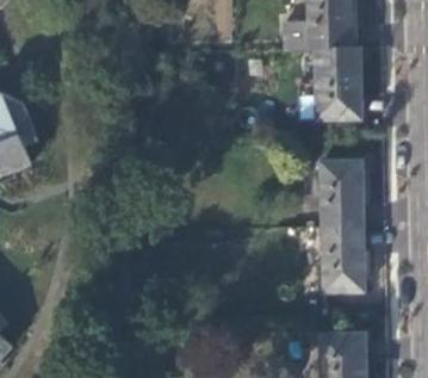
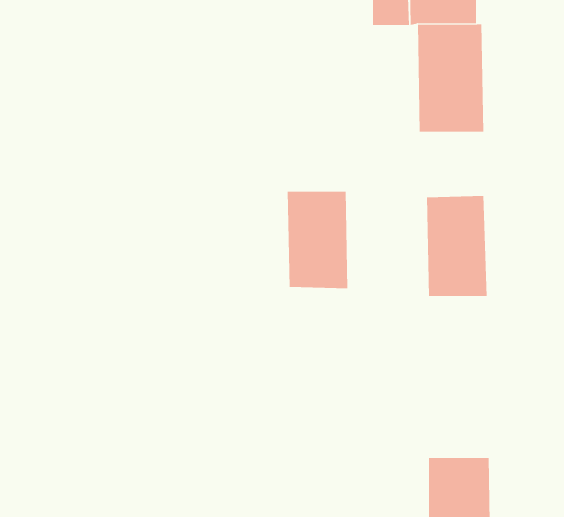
building: [322,228,362,292] -> [287,191,348,289]

